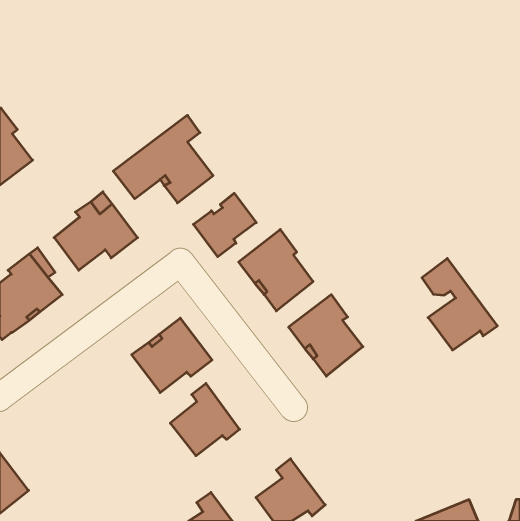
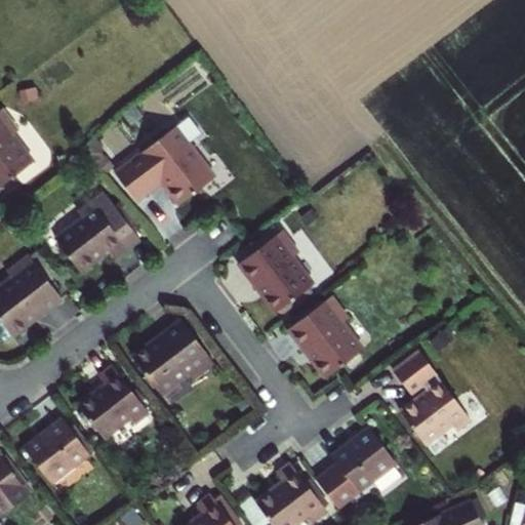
building: [193,193,256,257] -> none
building: [422,258,497,350] -> [395,352,471,444]
building: [170,383,240,456] -> [78,365,148,438]
building: none -> [23,417,89,483]
building: none -> [317,428,398,510]

